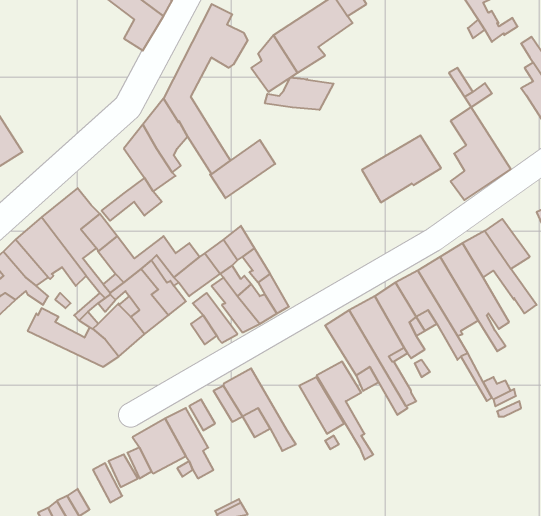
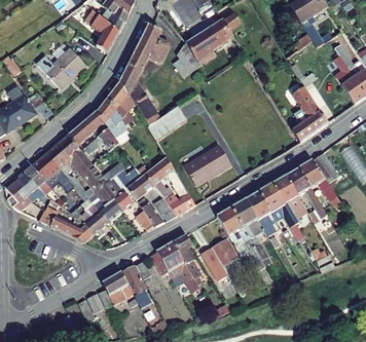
building: none -> [44,49,84,88]
building: [265,78,334,110] -> none
building: [362,135,441,202] -> [183,145,230,185]
building: none -> [68,111,108,145]
building: none -> [172,234,202,279]

